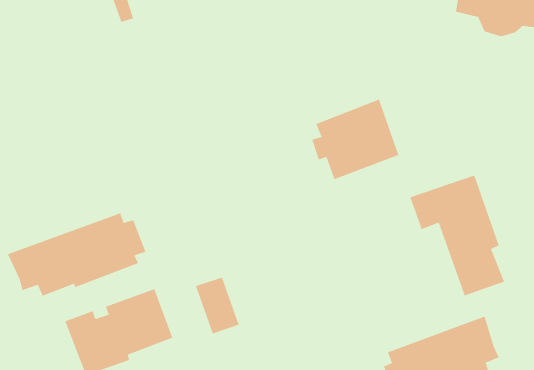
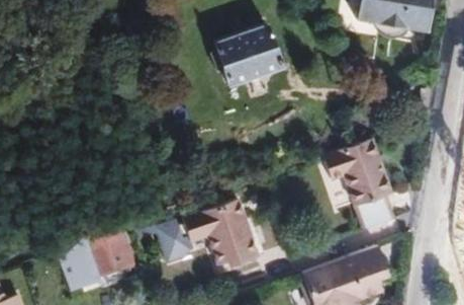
building: [312,99,399,180] -> [211,23,279,86]
building: [7,213,146,297] -> none
building: none -> [189,205,262,271]

